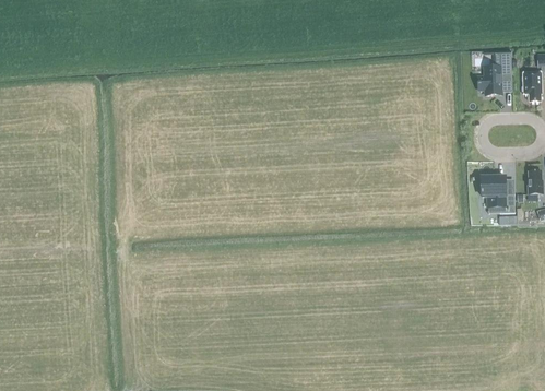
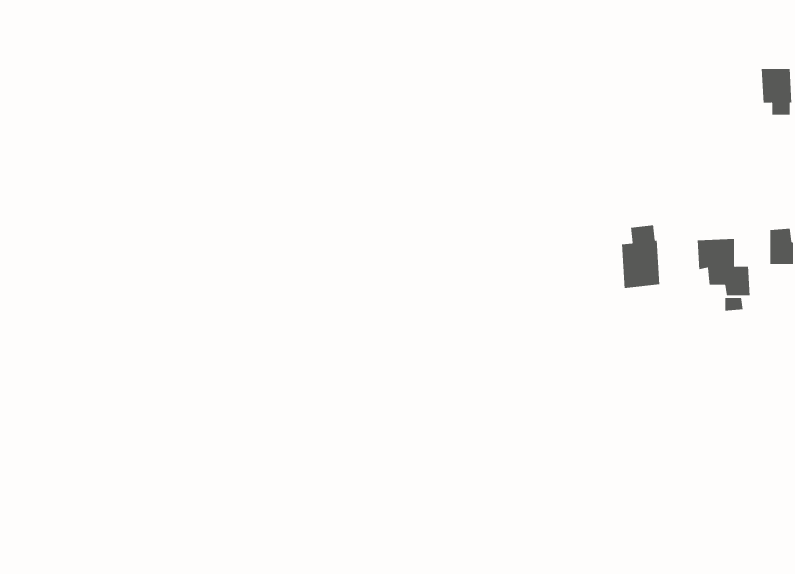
building: [478,56,511,94] -> none
building: none -> [622,225,660,289]

